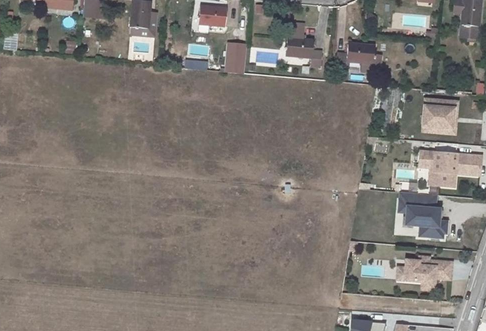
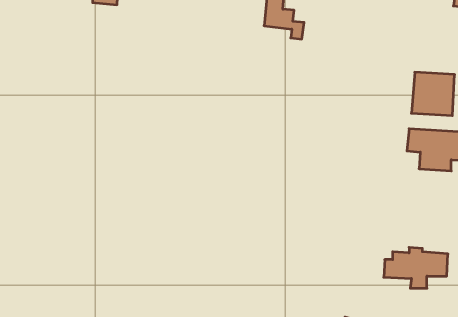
building: [225,41,247,68] -> none
building: [337,43,375,69] -> none
building: [396,192,449,238] -> none

